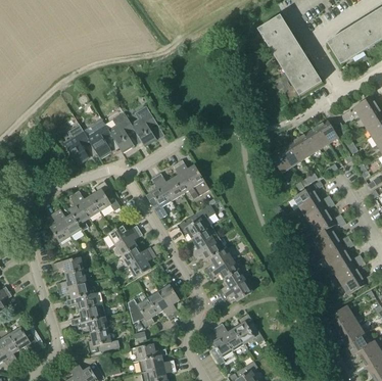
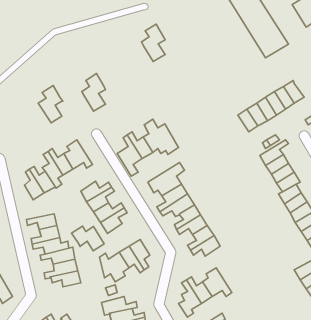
building: [132,106,156,145] -> [141,24,165,62]
building: [87,118,111,157] -> none
building: none -> [72,226,104,251]
building: [87,329,120,353] -> none

